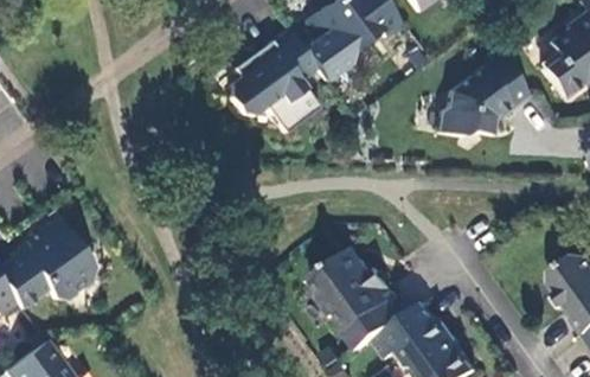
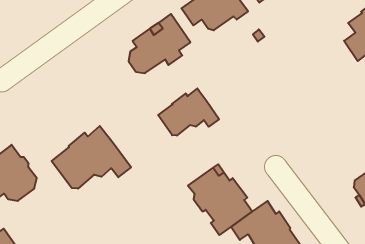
building: [436,56,527,136] -> none
building: none -> [158,88,219,136]
building: none -> [52,126,131,189]

